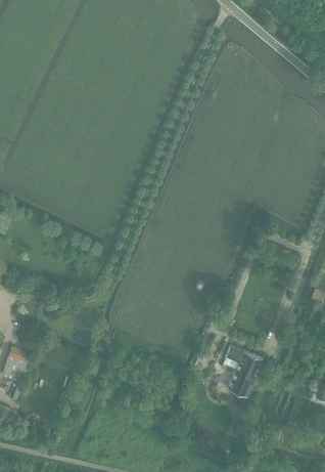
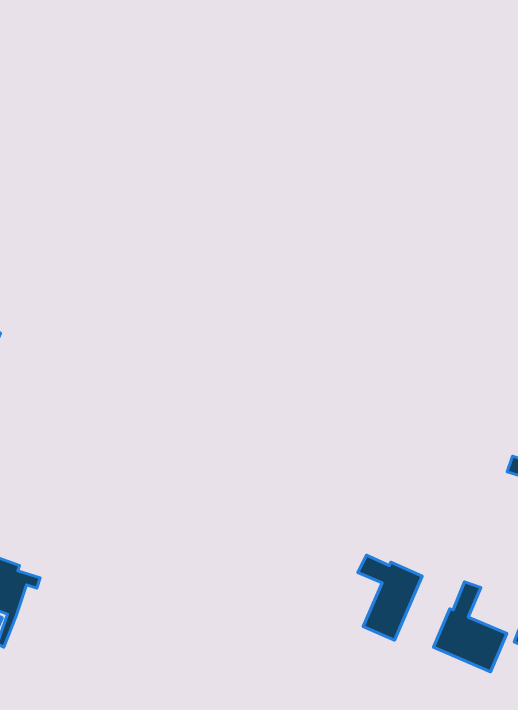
building: none -> [434,582,507,672]

